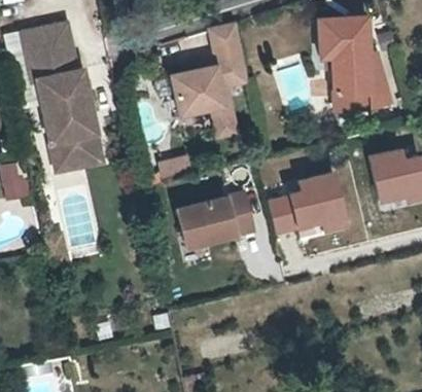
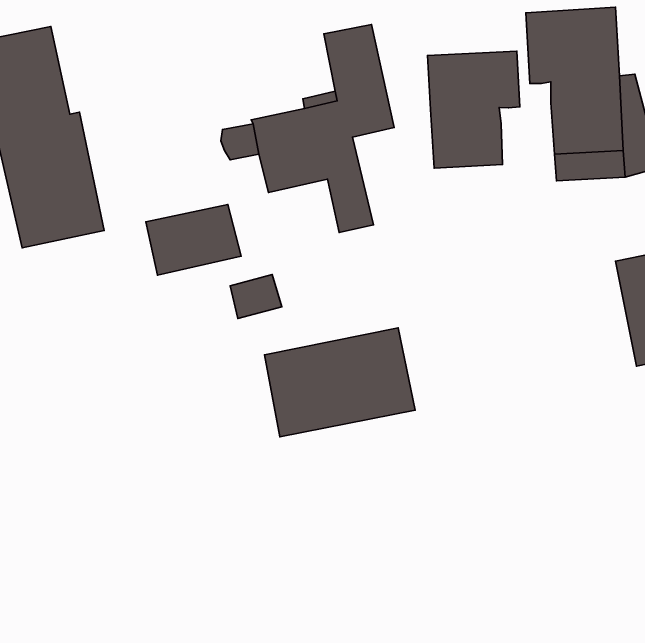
building: none -> [428,51,520,168]
building: [47,135,99,173] -> [146,205,241,275]
building: [267,167,353,237] -> none

